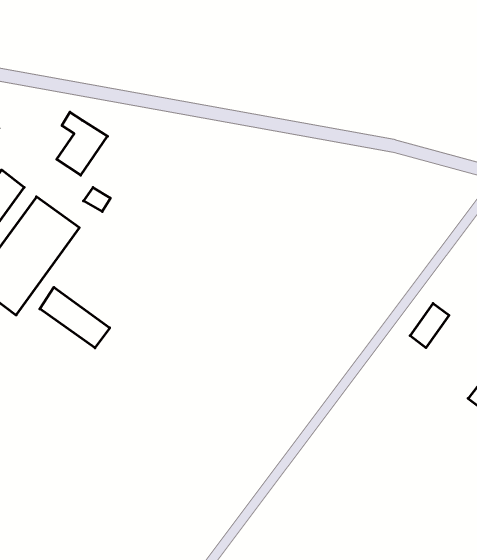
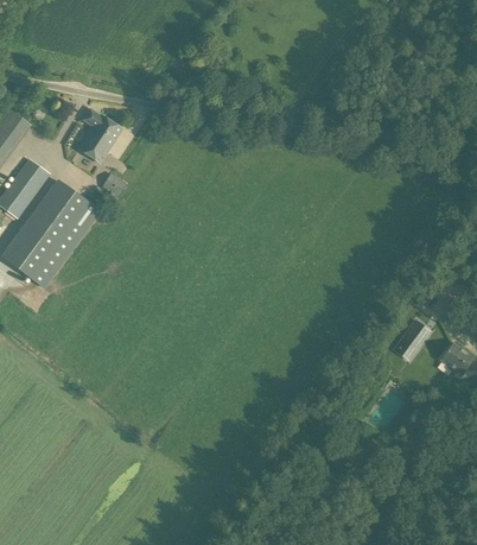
building: [40,287,110,348] -> none
building: [410,303,449,348] -> [393,321,427,360]

